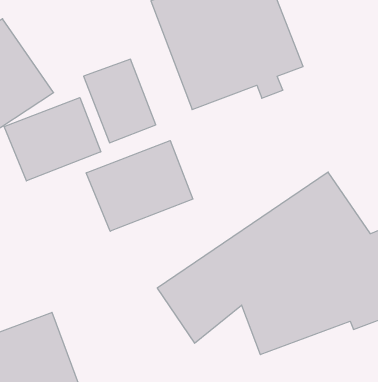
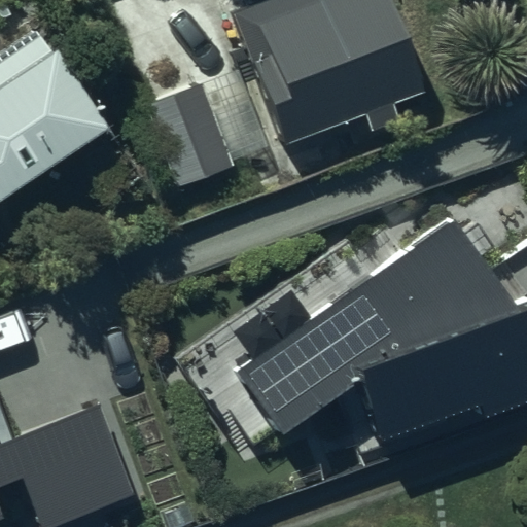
building: [4,98,101,181] -> none
building: [86,141,193,231] -> none

